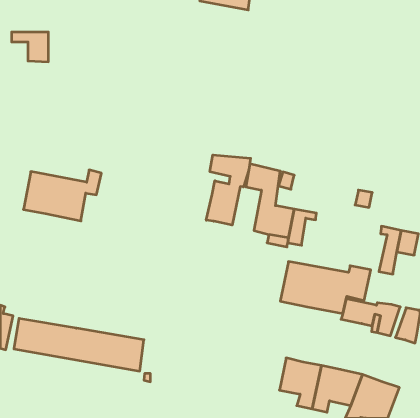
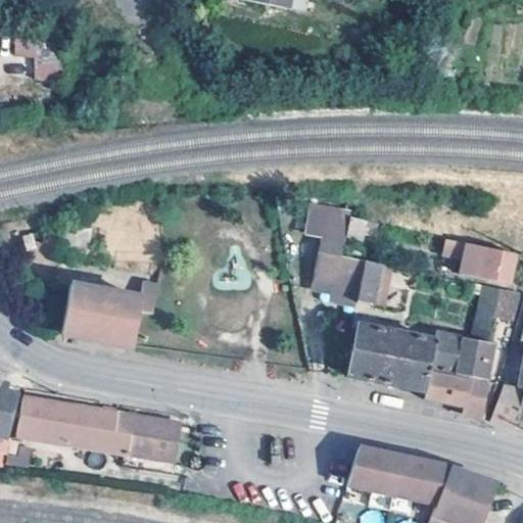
building: [206,155,251,225] -> none
building: [23,170,101,221] -> [61,281,158,344]
building: none -> [461,242,516,282]
building: none -> [453,335,493,378]

